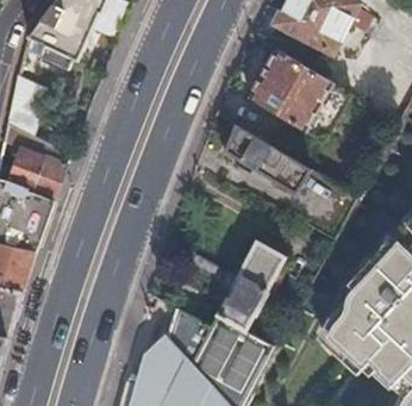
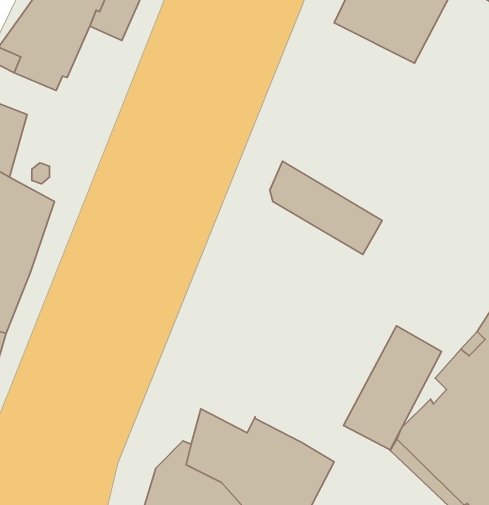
building: [248,46,335,130] -> none
building: [217,239,289,331] -> [344,326,442,450]

